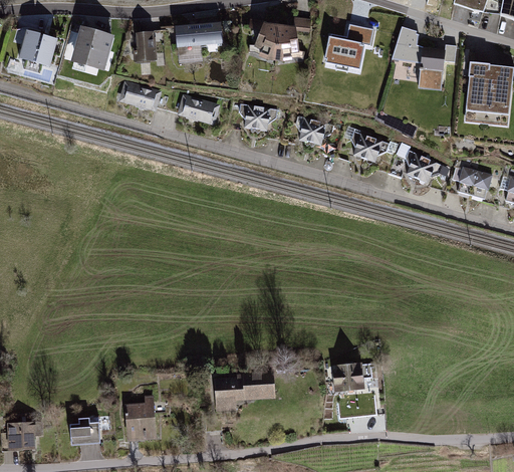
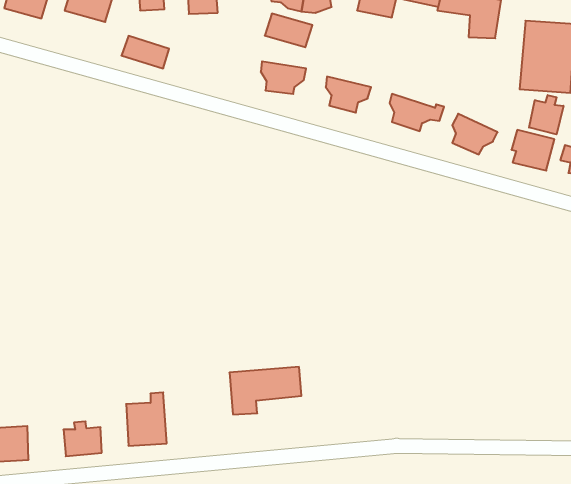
building: [178,95,219,125] -> [265,14,312,47]
building: none -> [529,95,563,134]
building: [331,360,363,392] -> none

